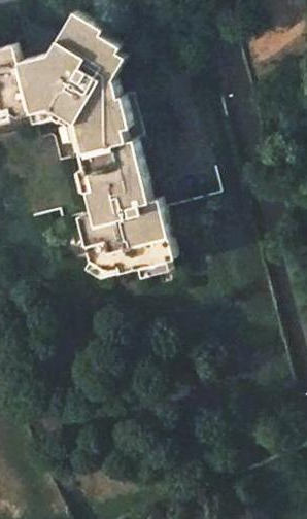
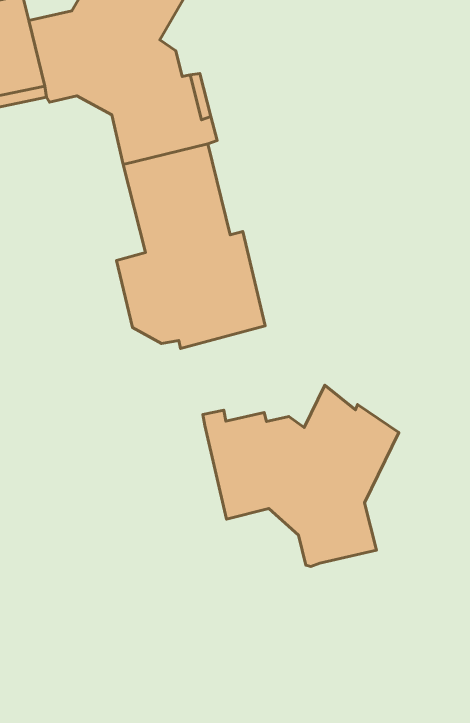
building: none -> [203,385,399,566]

